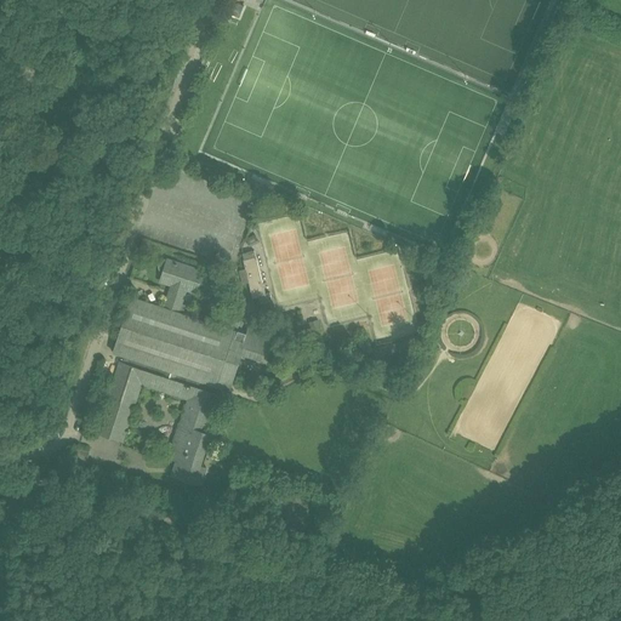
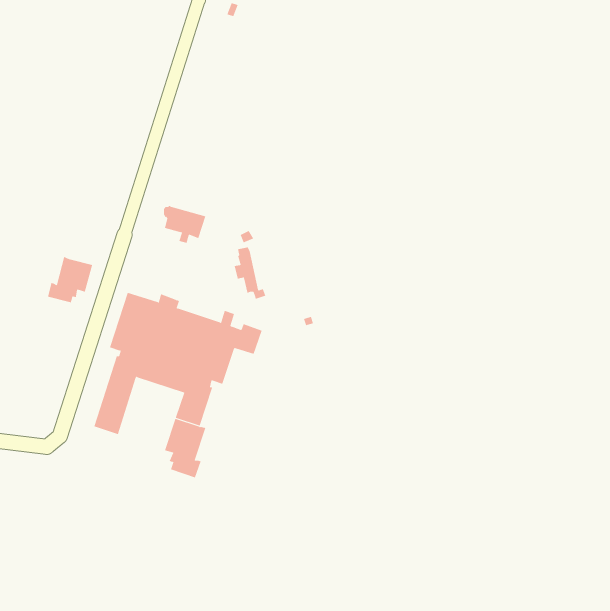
building: [156,260,200,298] -> [163,205,206,244]
building: none -> [48,256,93,303]

